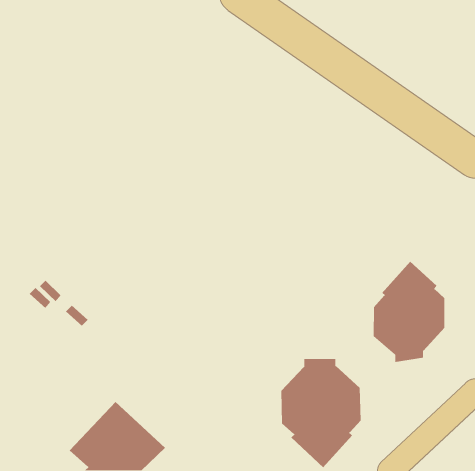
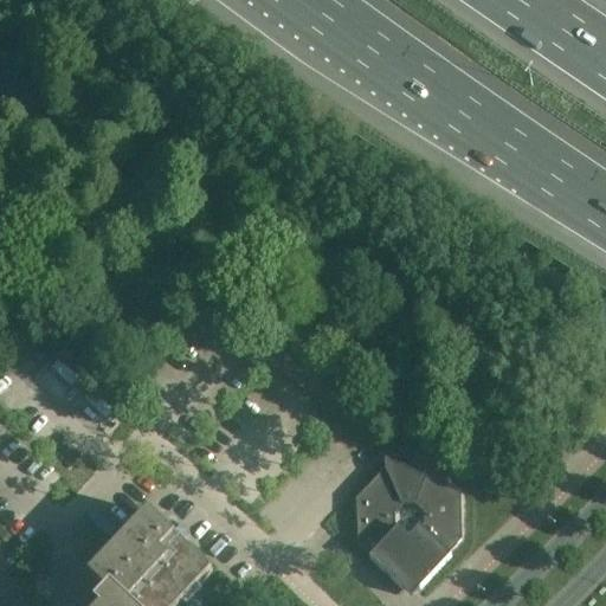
building: [373,261,445,363] -> none

